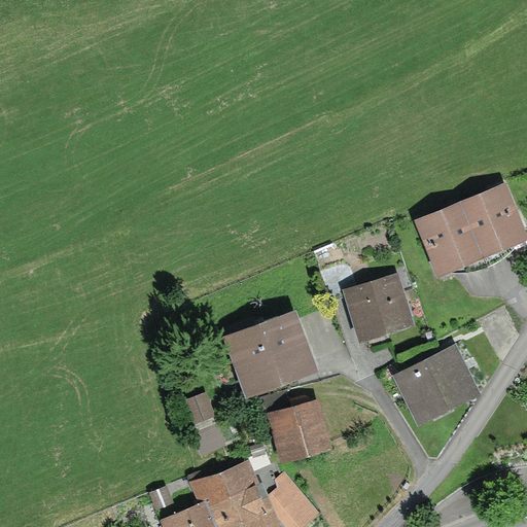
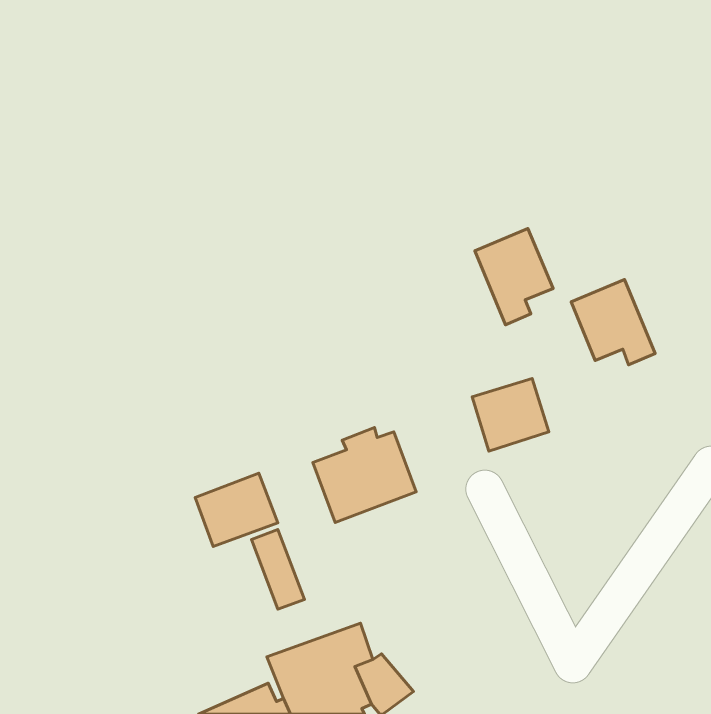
building: [460,189,518,260] -> [475,229,553,325]
building: none -> [195,473,278,546]
building: [399,351,468,414] -> none
building: [270,406,318,456] -> none

